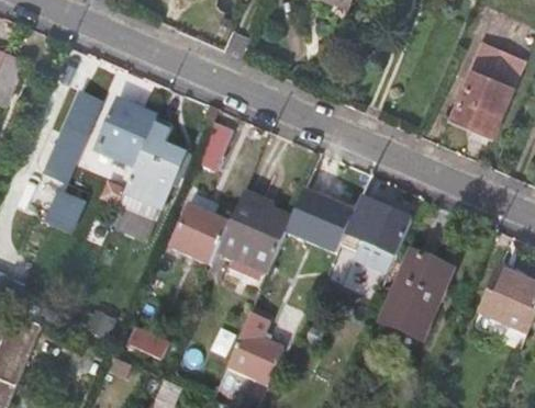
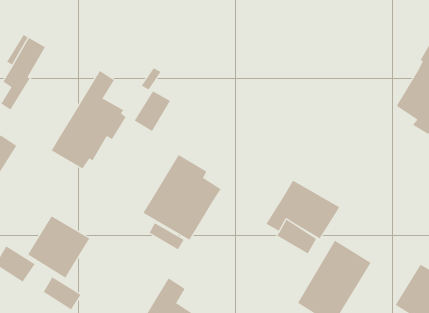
building: [94,101,155,168] -> none
building: [285,193,354,254] -> none
building: [169,205,230,265] -> [27,215,90,279]

